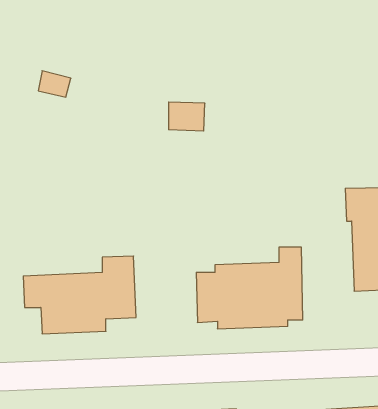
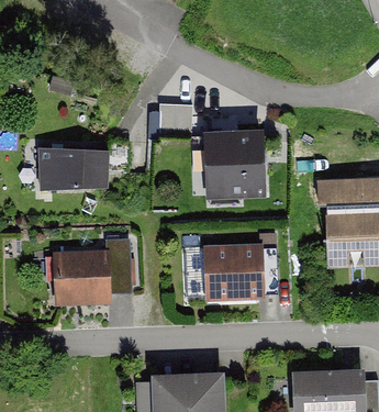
building: none -> [201,127,267,202]
building: none -> [38,141,110,191]

